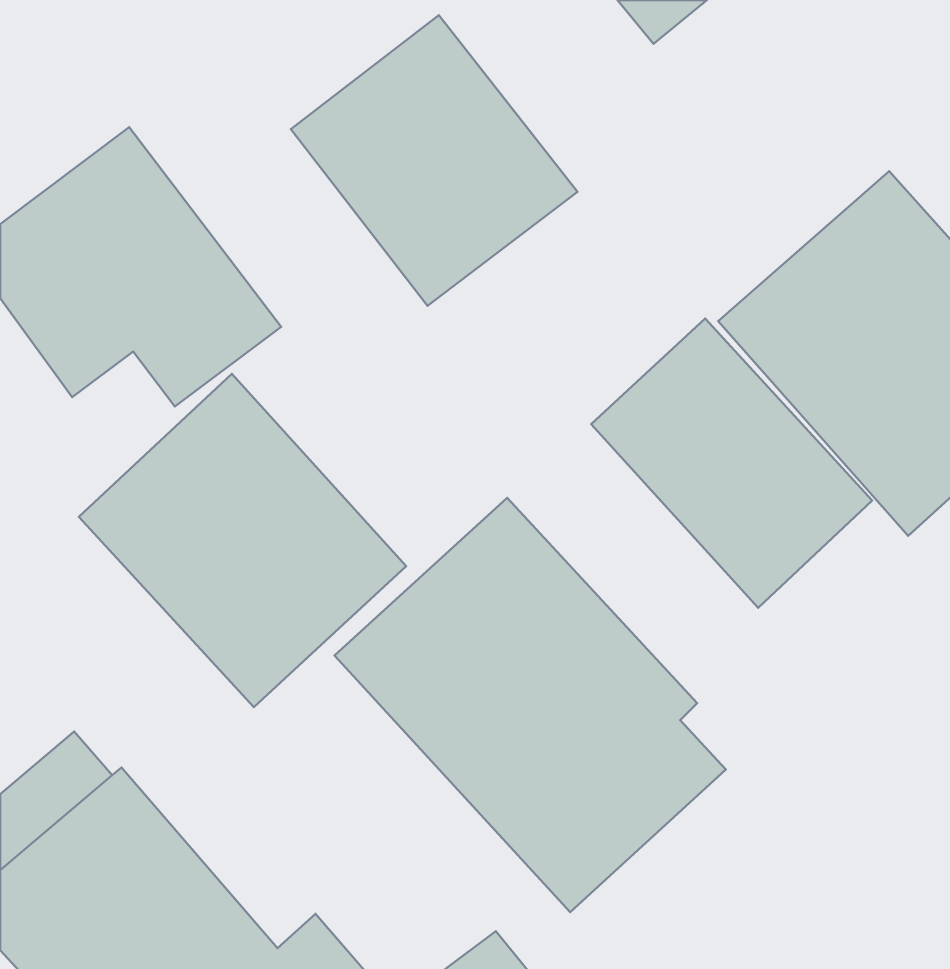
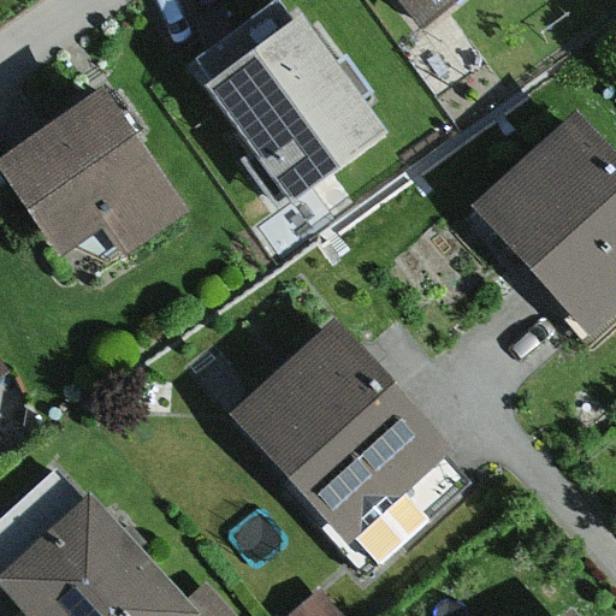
building: [591,319,872,608] -> none
building: [79,374,406,707] -> none

